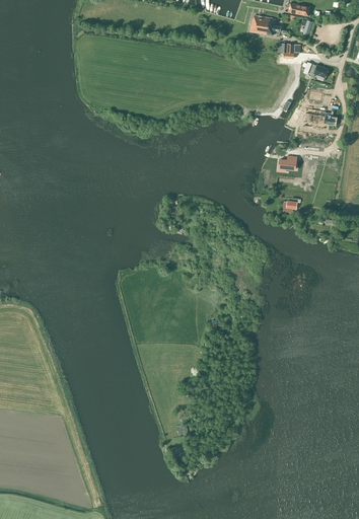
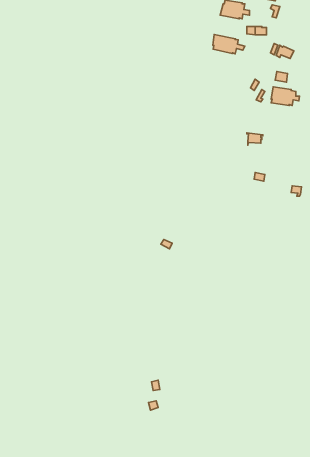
building: none -> [213,35,245,54]

